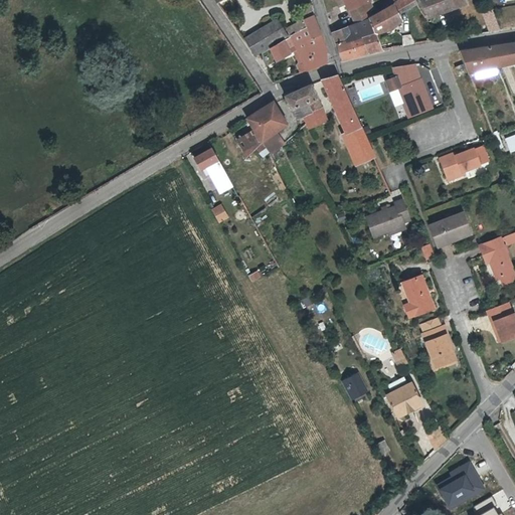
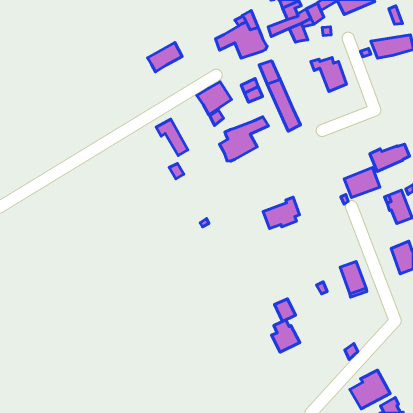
building: [244,18,288,54] -> [147,43,182,72]
building: [337,35,367,58] -> none
building: [285,84,317,110] -> none
building: [234,130,260,159] -> none
building: none -> [219,117,268,161]
building: [440,146,489,180] -> [370,144,409,172]
building: [365,197,410,236] -> [263,197,300,229]
building: [401,276,432,316] -> none
building: [386,376,421,416] -> [271,320,300,352]

